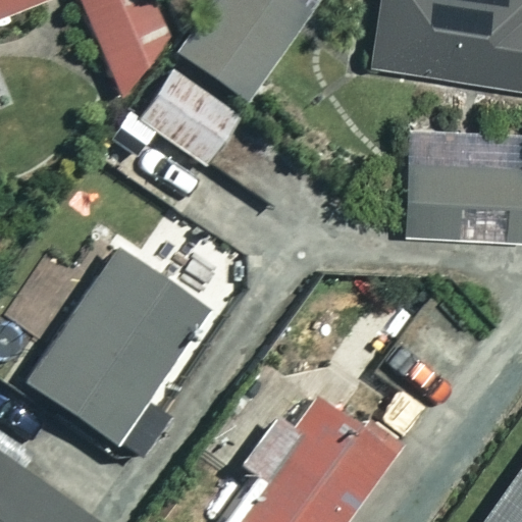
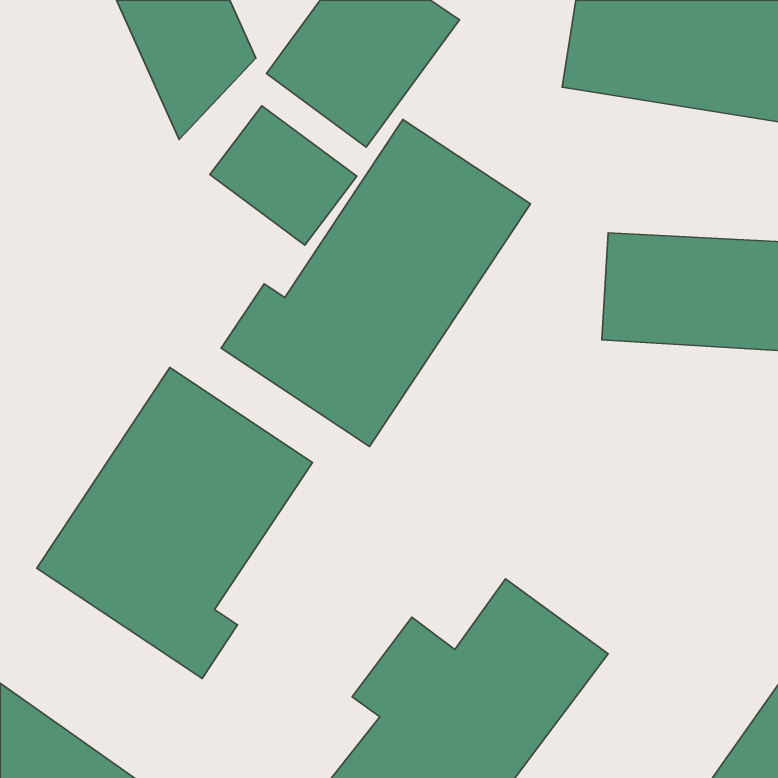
building: none -> [221,120,531,446]

